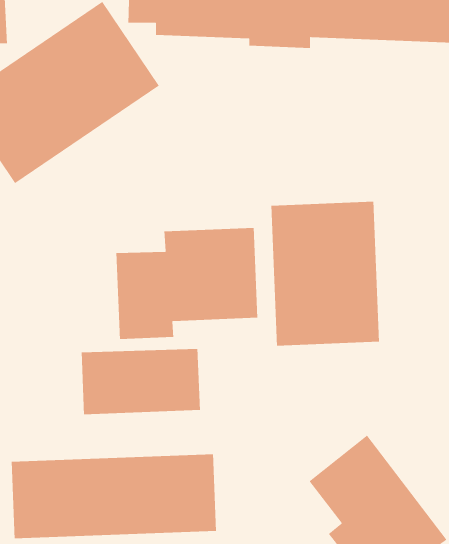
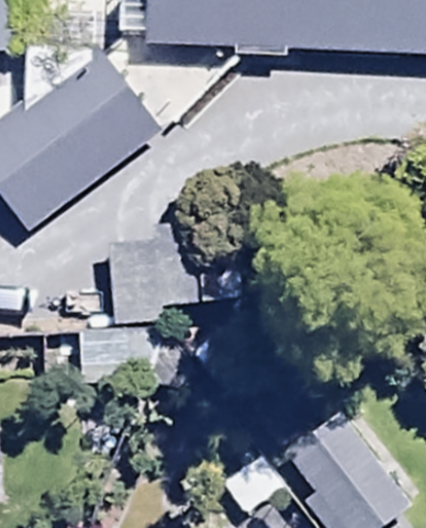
building: [270,201,380,346] -> none
building: [11,454,217,539] -> none

